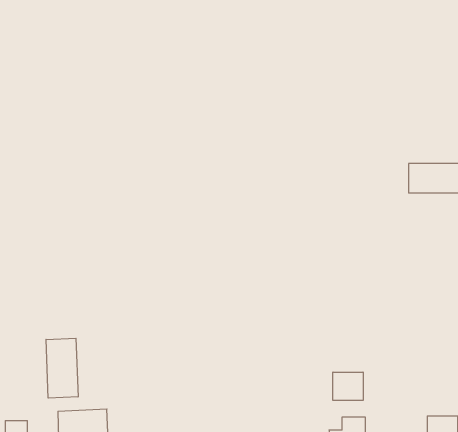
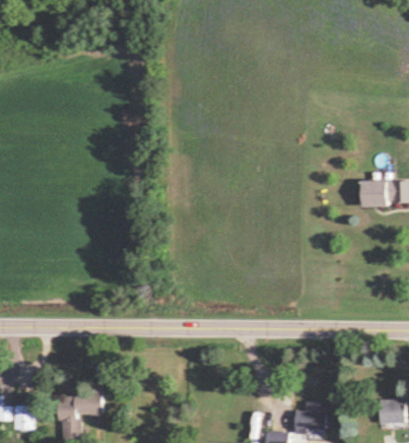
building: [46,338,78,398] -> none
building: [333,372,363,400] -> none

